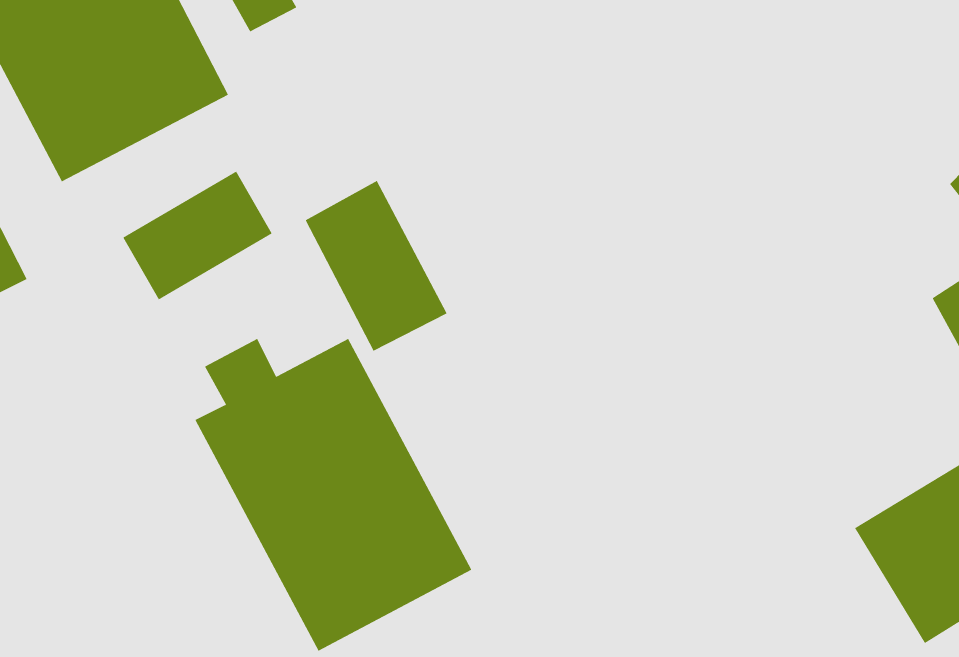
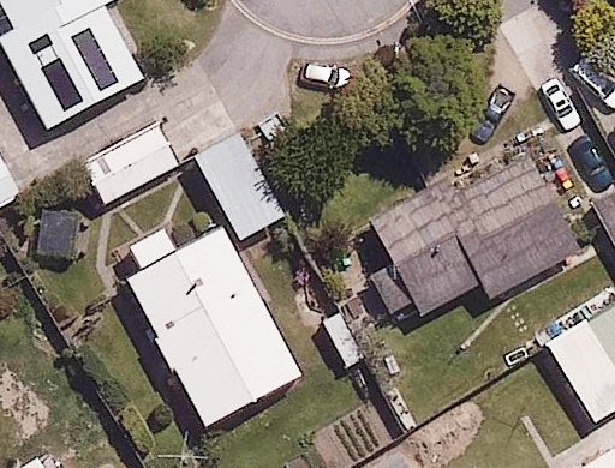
building: none -> [370,150,585,317]

